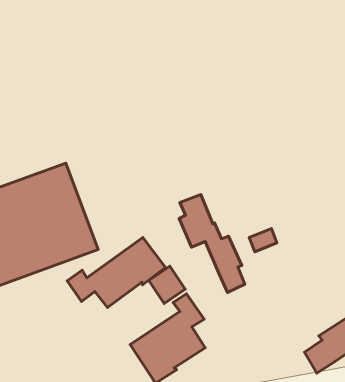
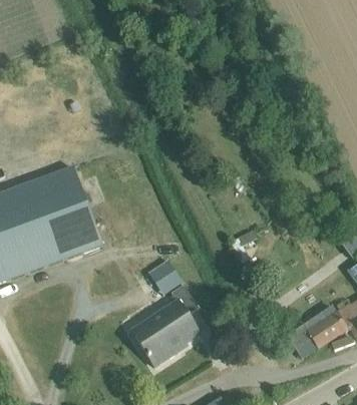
building: [179,194,245,292] -> none
building: [67,238,166,307] -> none

